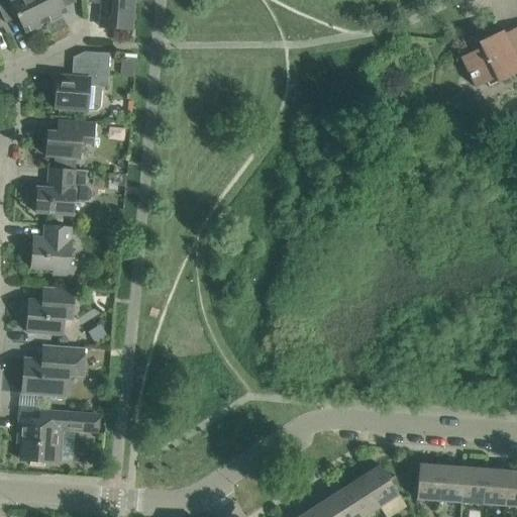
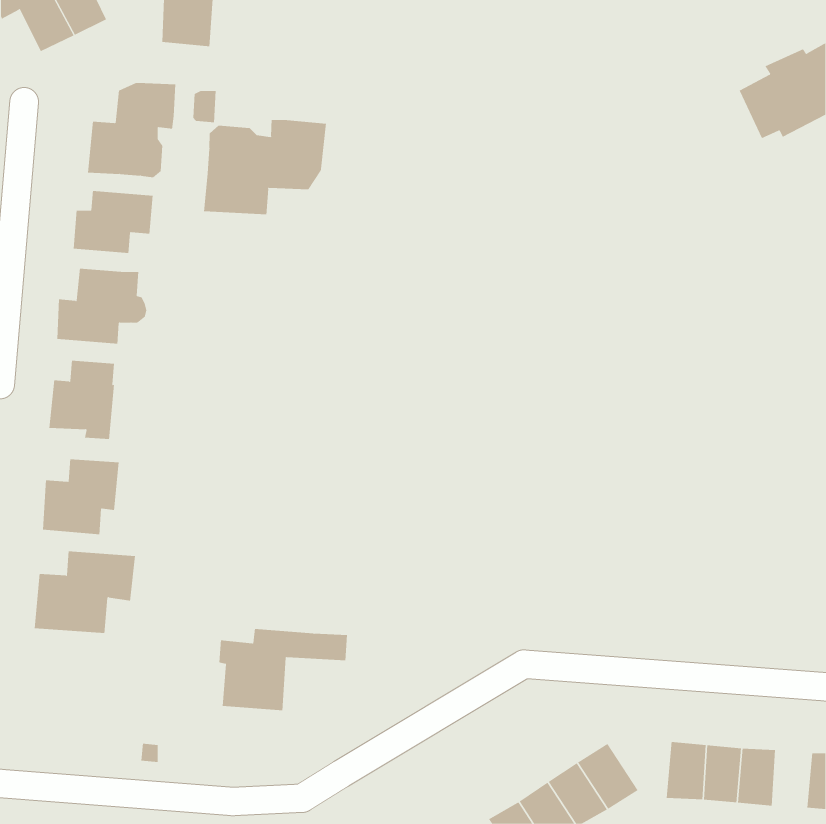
building: none -> [203,119,326,215]
building: [18,411,99,462] -> [219,628,348,711]
building: [483,469,507,505] -> none

